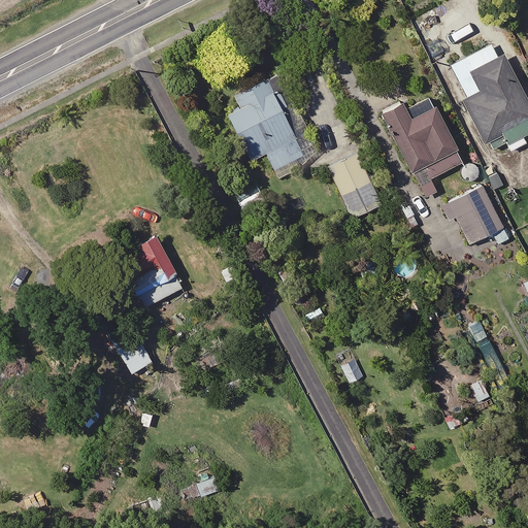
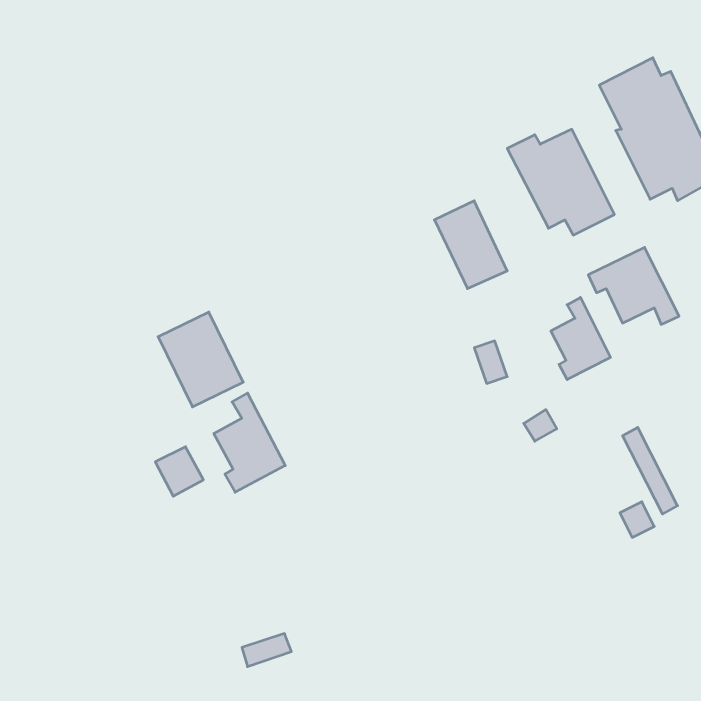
building: [229,76,308,174] -> none
building: none -> [551,297,610,380]
building: none -> [214,393,285,492]

